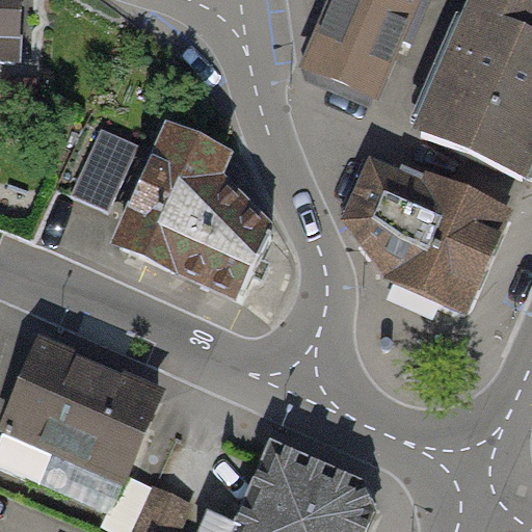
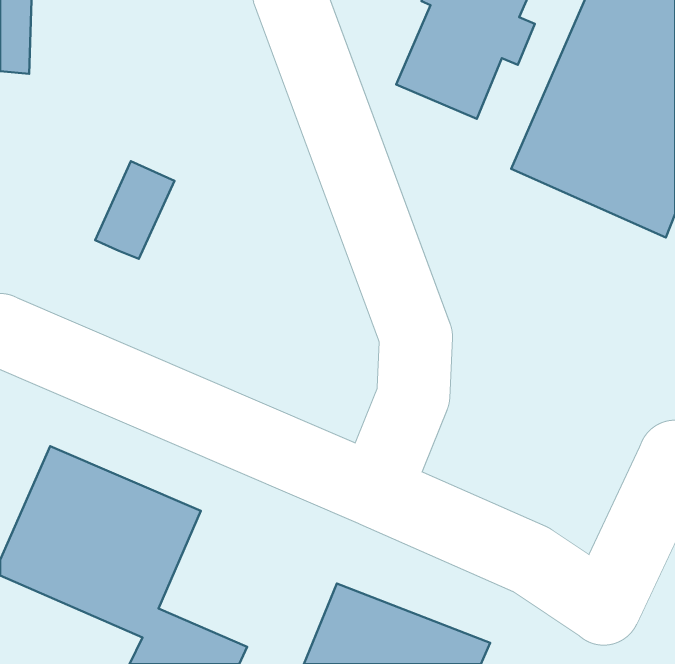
building: [113,121,271,296] -> none
building: [351,165,506,299] -> none

